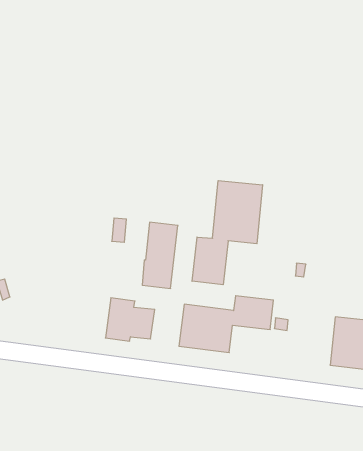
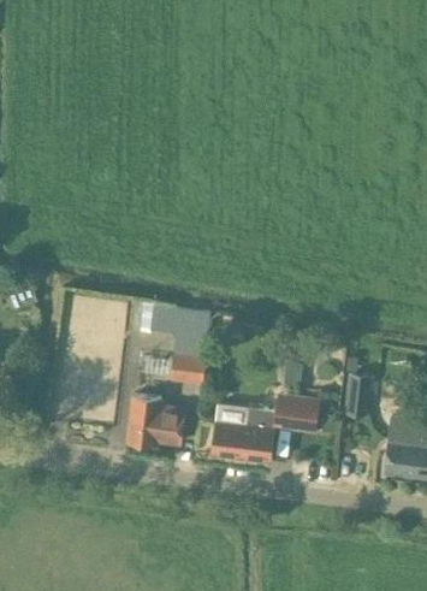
building: [192,181,263,285] -> none
building: none -> [344,374,372,418]

